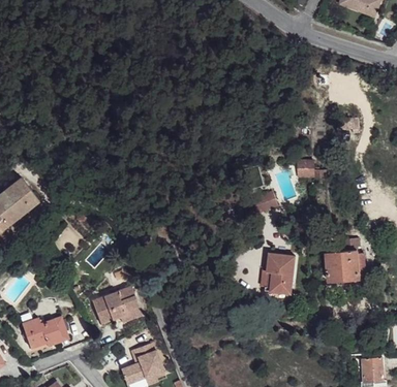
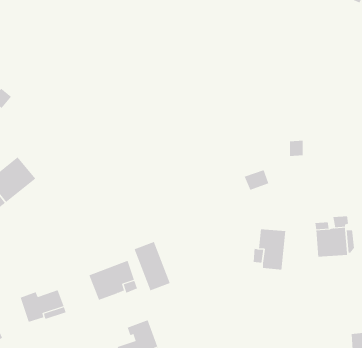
building: none -> [134,241,171,291]

